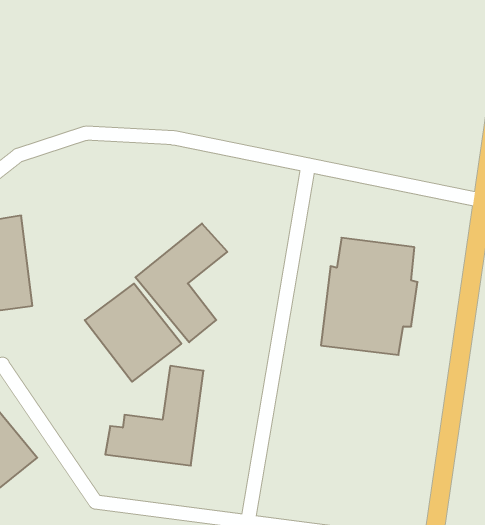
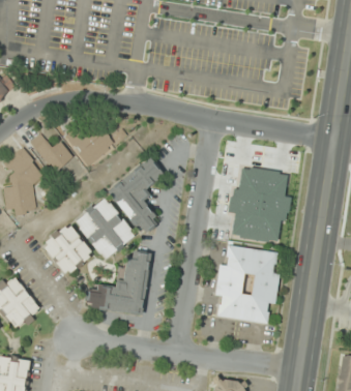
building: none -> [66,119,115,167]
building: none -> [31,134,72,173]
building: none -> [40,222,93,276]
building: none -> [214,245,280,325]

